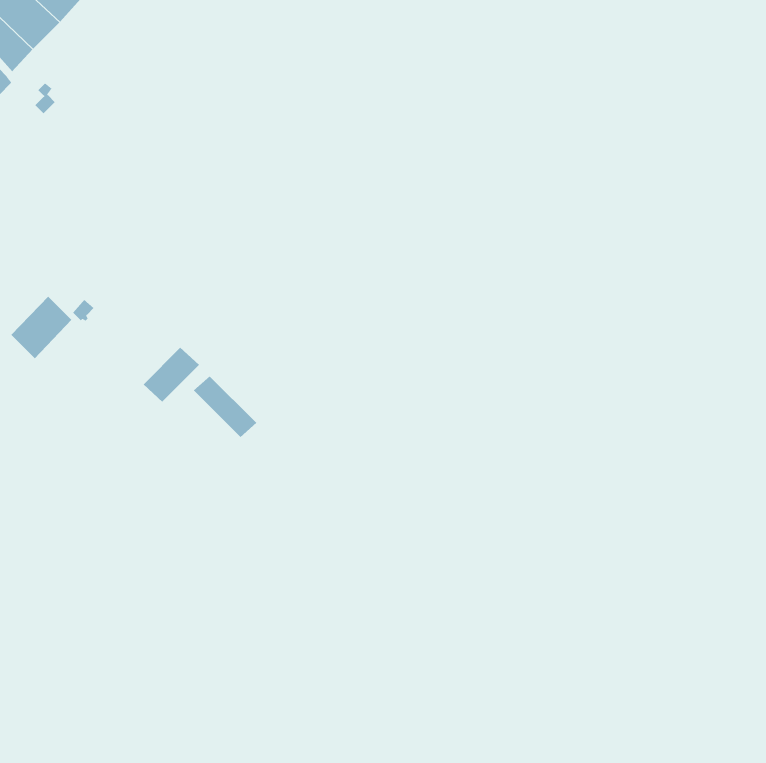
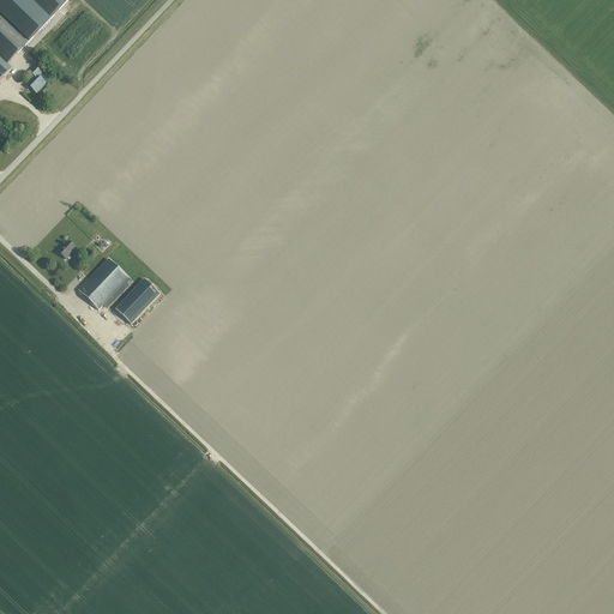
building: [11,296,72,359] -> [78,257,127,307]
building: [193,375,257,438] -> none

